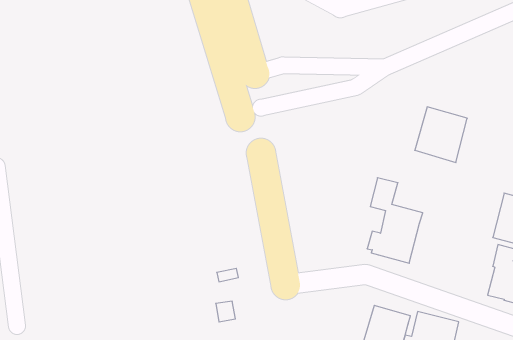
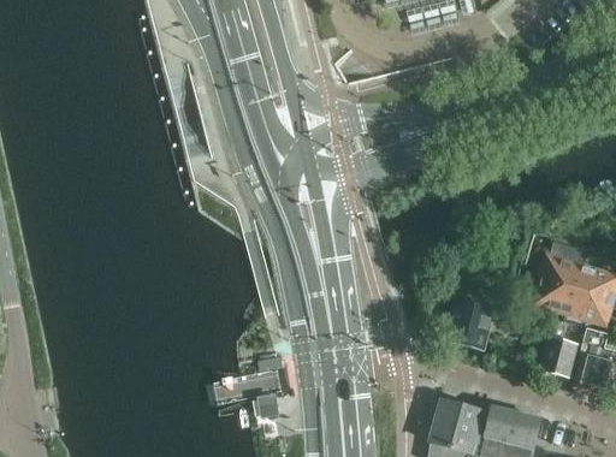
building: [415,107,467,163] -> [533,253,594,317]
building: none -> [541,317,579,375]

